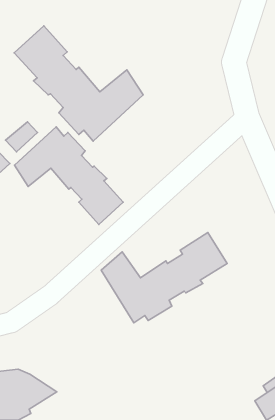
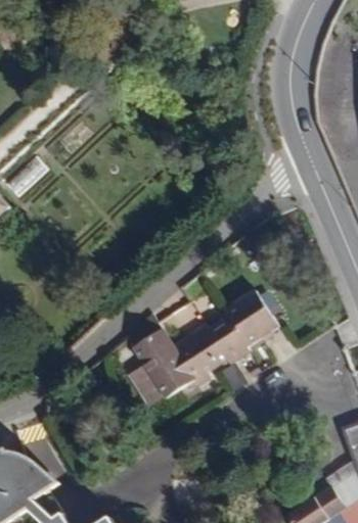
building: [14,26,143,141] -> none
building: [14,127,123,224] -> none

